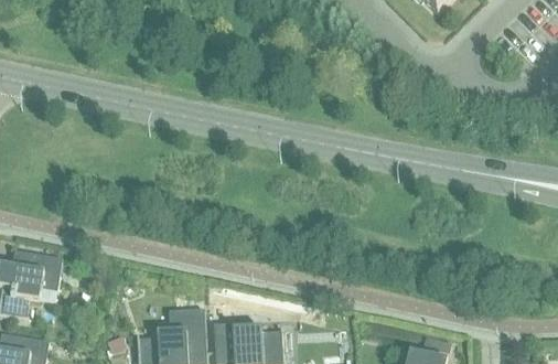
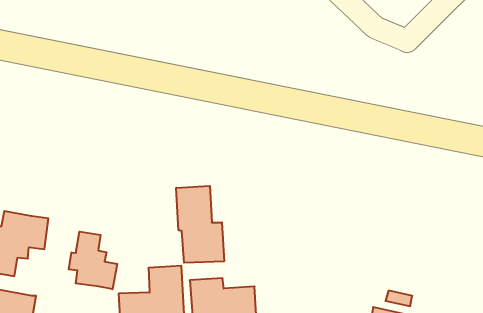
building: none -> [176,186,224,263]
building: none -> [69,232,117,289]

